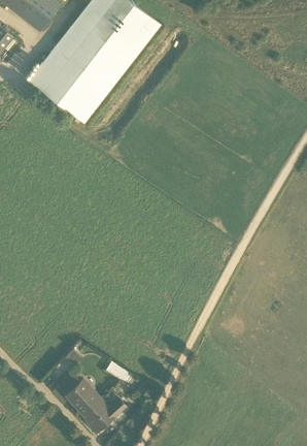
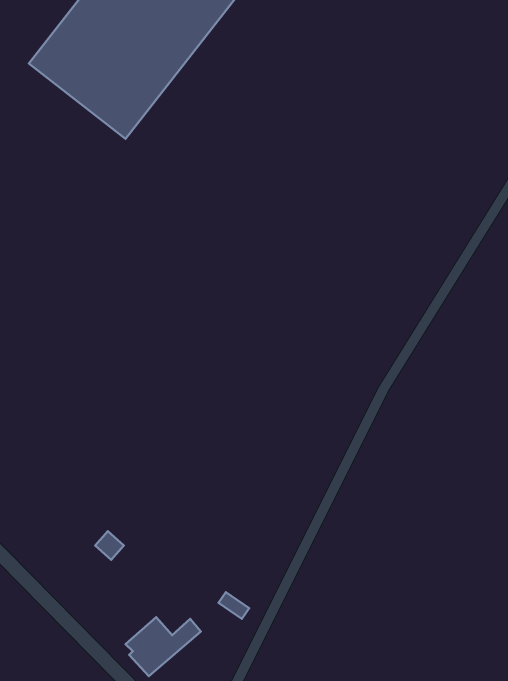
building: [59,374,101,415] -> none

